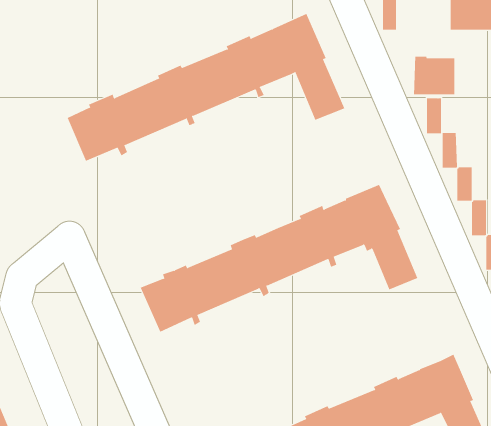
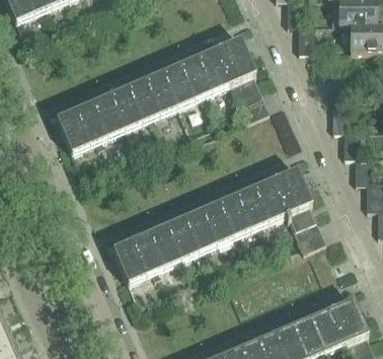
building: [414,56,455,95] -> none

